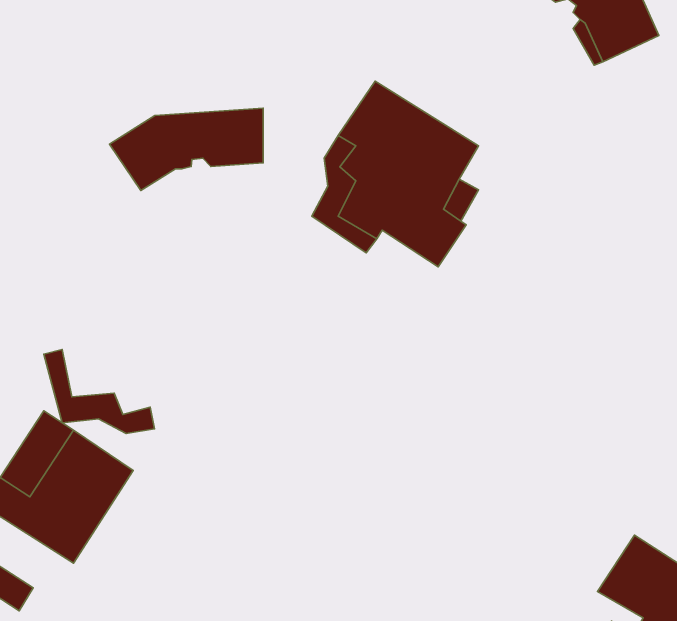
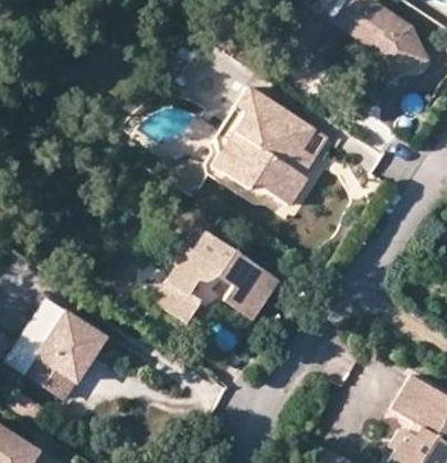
building: [110,108,263,190] -> none
building: none -> [155,234,277,322]
building: [44,349,155,434] -> none

